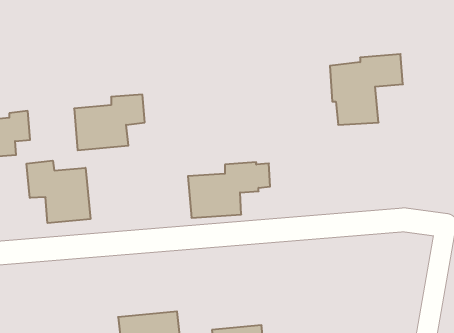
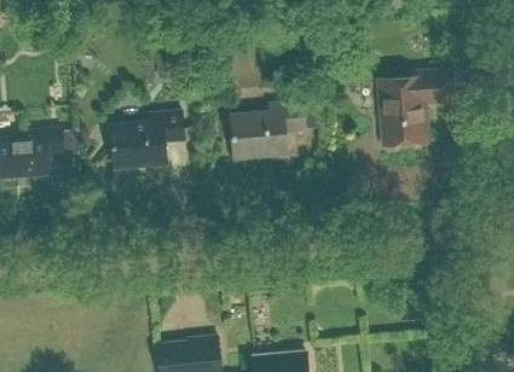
building: [27,161,90,223] -> none
building: [188,162,270,218] -> [231,100,317,158]

